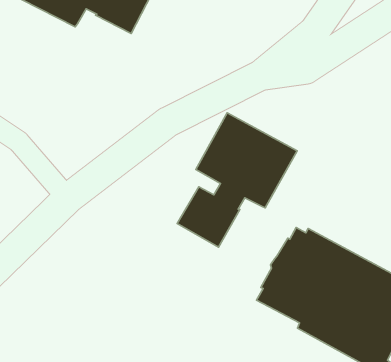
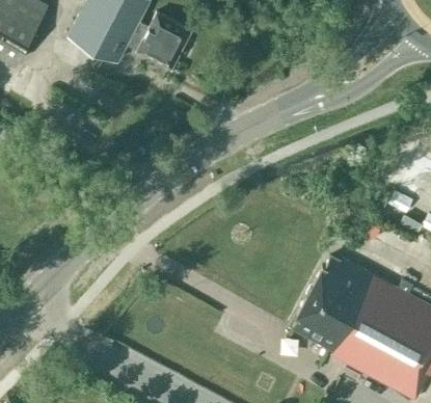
building: [177,113,297,247] -> none

